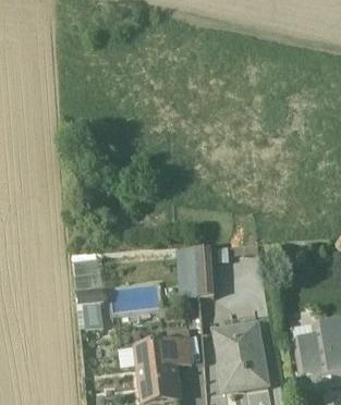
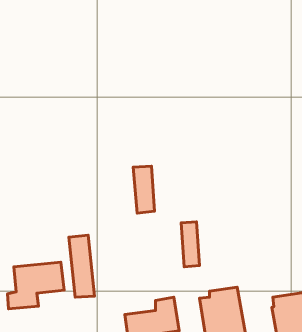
building: [175,248,198,298] -> [133,166,154,213]
building: none -> [7,262,64,309]

